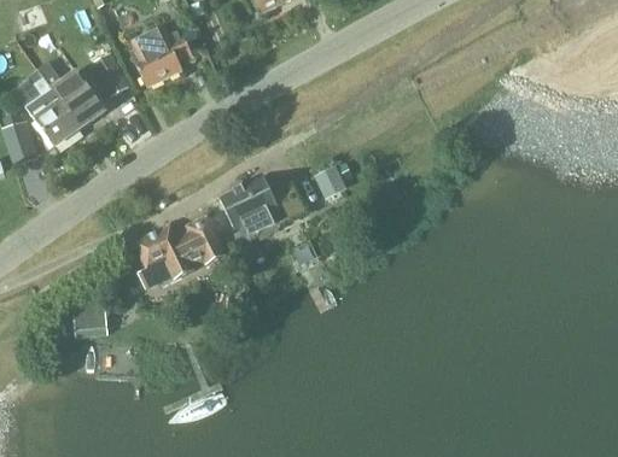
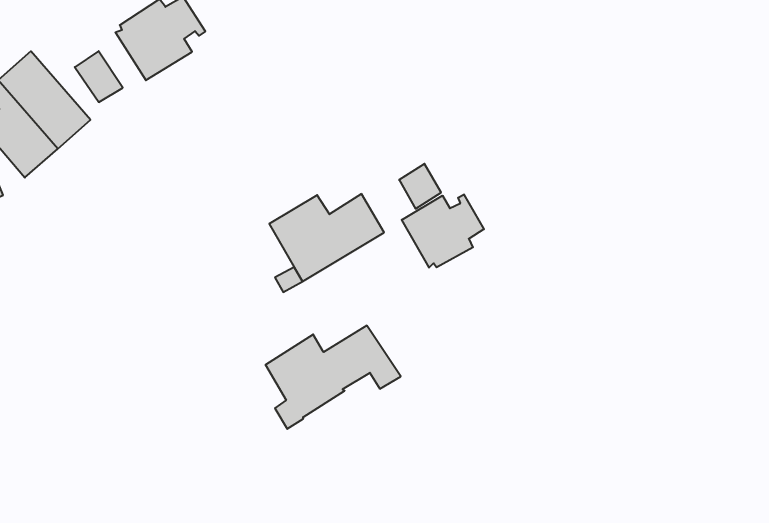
building: none -> [402,194,484,268]
building: [133,222,228,289] -> [265,326,401,429]
building: [72,305,109,332] -> none

